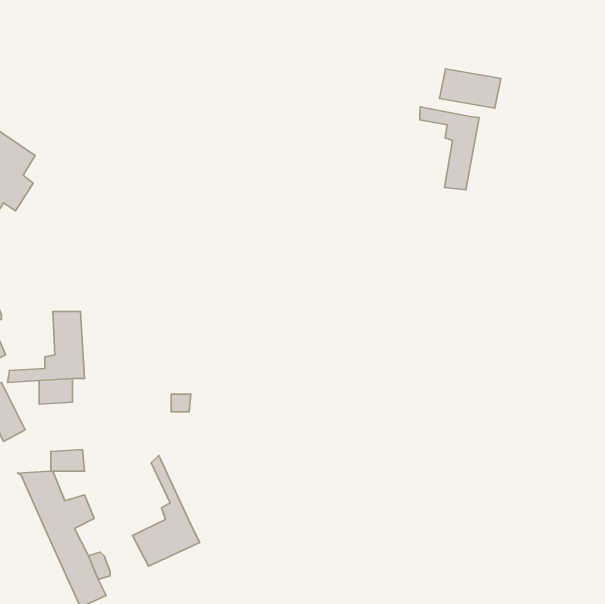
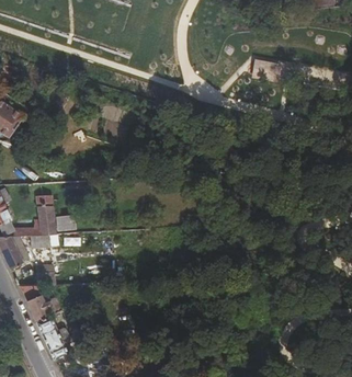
building: [420,107,479,190] -> none
building: [133,456,200,566] -> none

